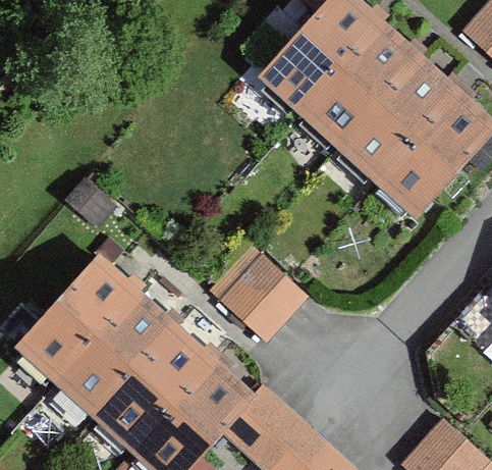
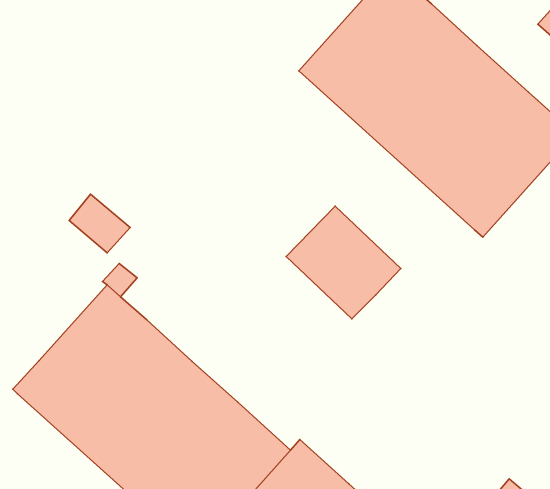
building: [210,245,308,341] -> [286,206,401,319]

